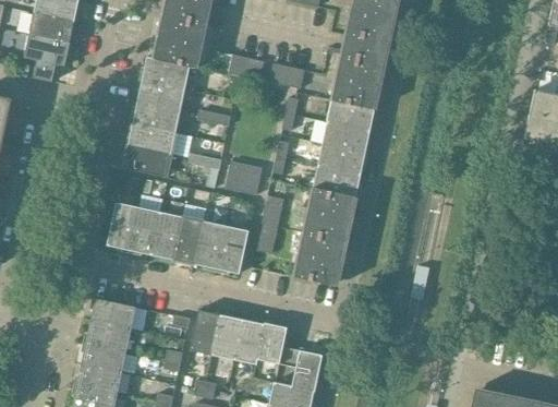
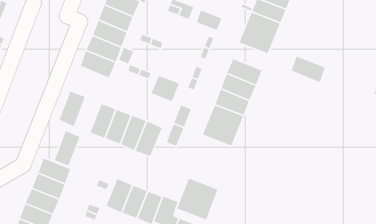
building: [327,99,374,131] -> [290,55,326,83]
building: [130,206,160,254] -> [54,130,80,166]
building: [293,231,345,285] -> [176,178,218,220]

